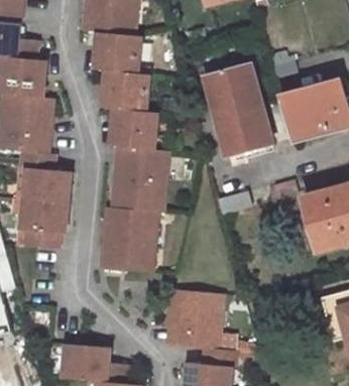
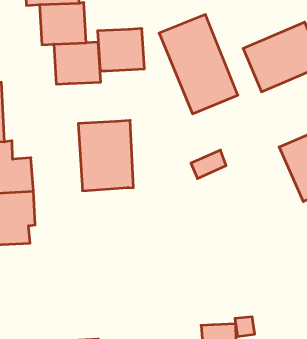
building: [112,107,156,148] -> [98,29,144,71]
building: [102,207,155,271] -> none
building: [167,290,222,349] -> none

